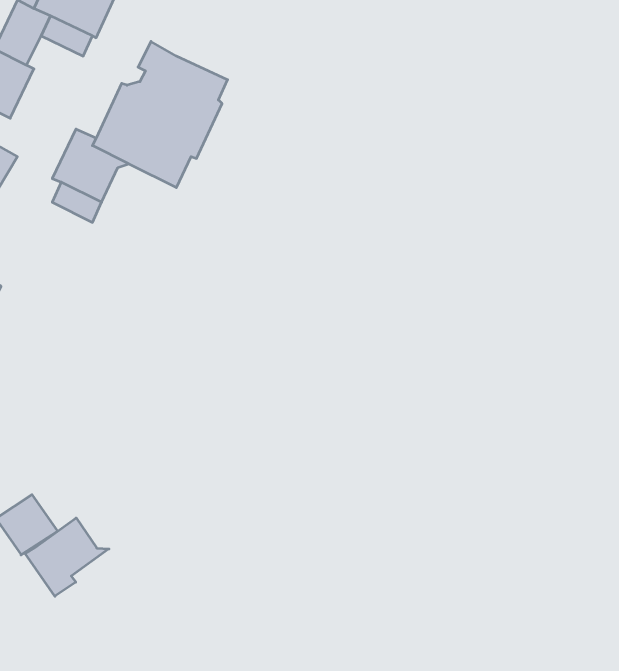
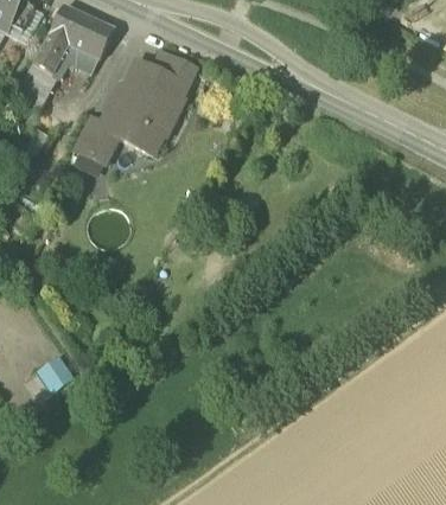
building: none -> [153,50,195,83]
building: [25,518,109,596] -> none

